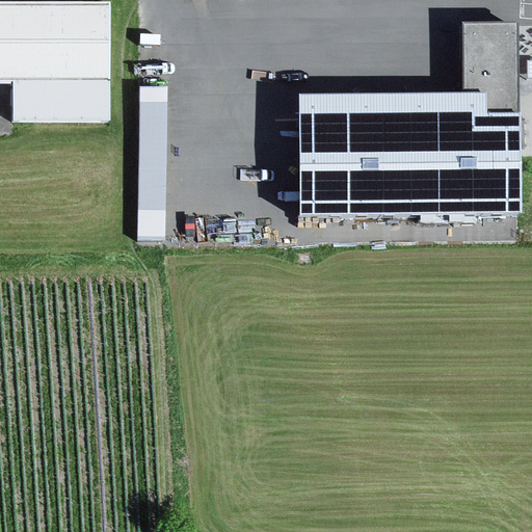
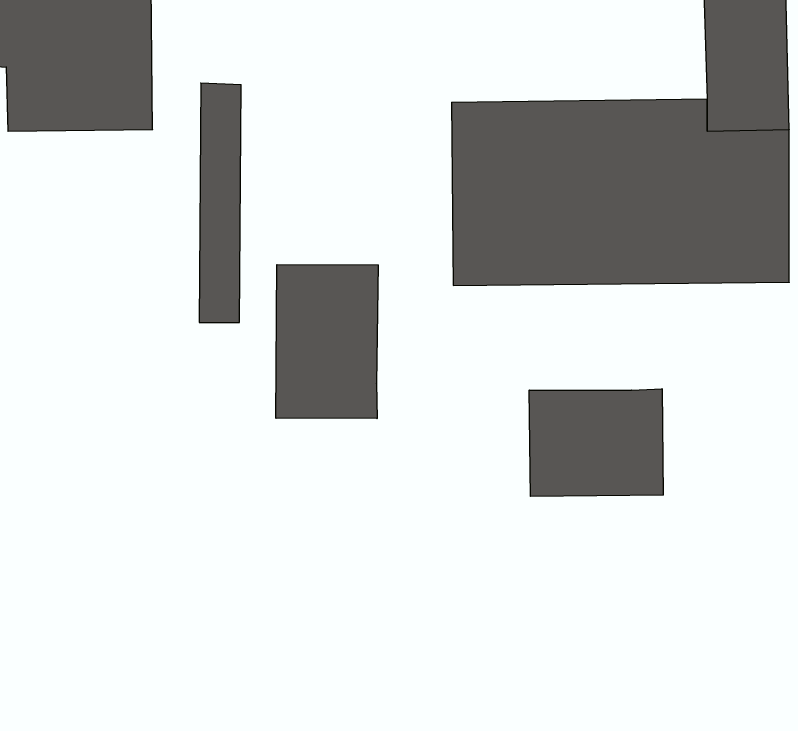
building: none -> [276,265,378,419]
building: none -> [529,389,663,496]

